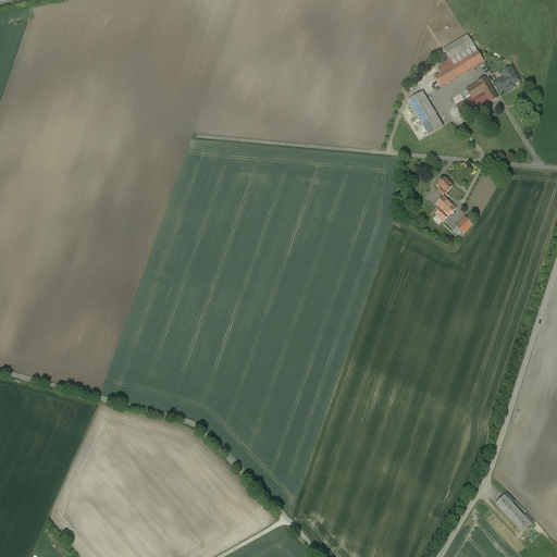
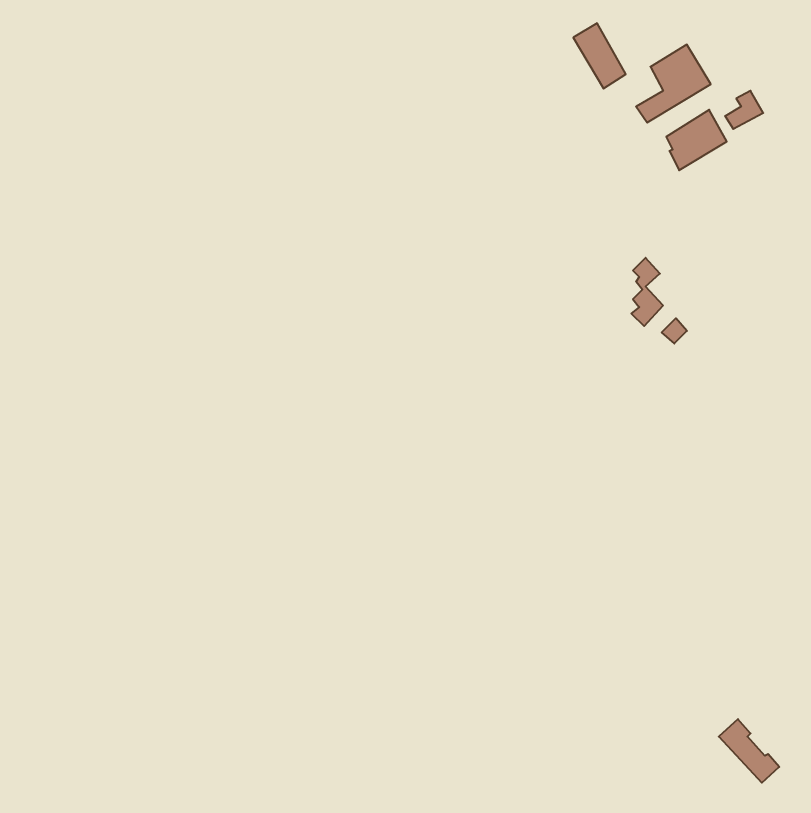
building: [409,88,445,133] -> [573,23,626,89]

